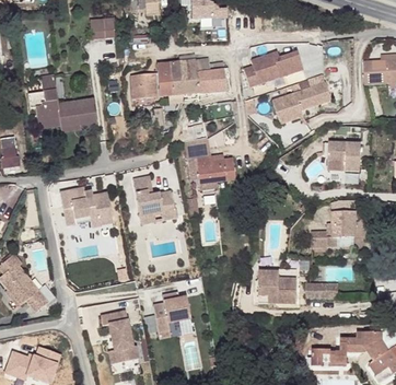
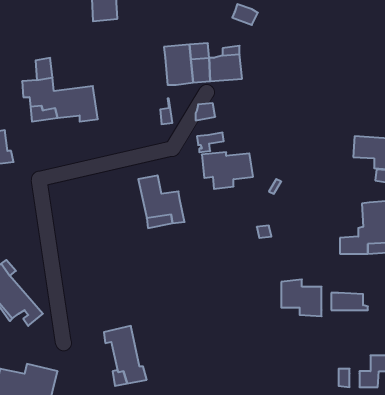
building: [244,49,304,85] -> none
building: [130,71,160,98] -> none
building: [273,81,333,120] -> none
building: [65,191,113,225] -> none
building: [155,292,194,334] -> none

